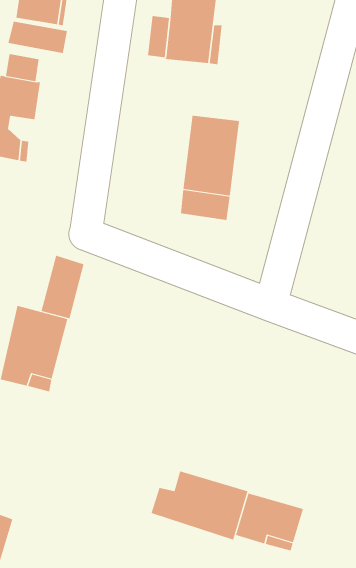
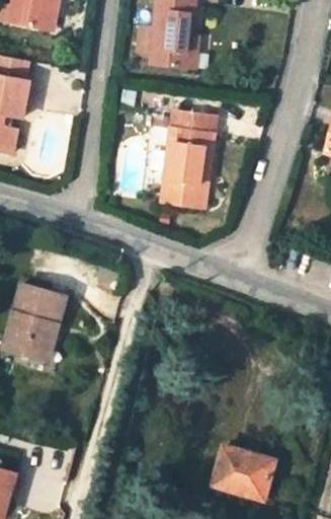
building: [8,21,67,54] -> none
building: [41,255,84,319] -> none
building: [151,471,248,541] -> none

